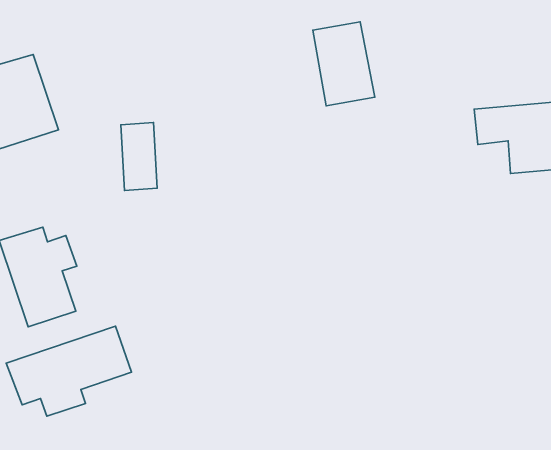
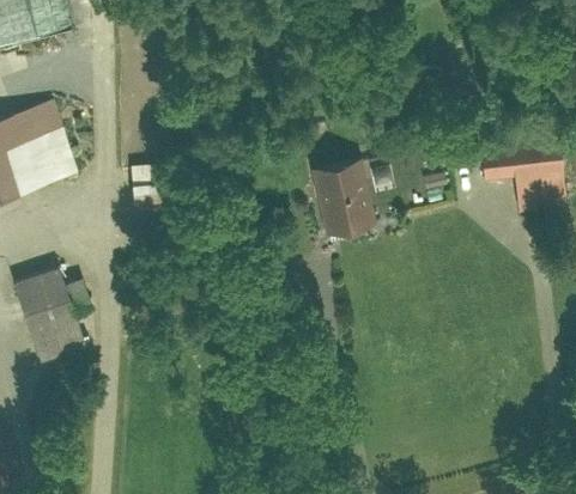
building: [313,22,375,106] -> [309,159,370,242]
building: [6,326,131,416] -> none

